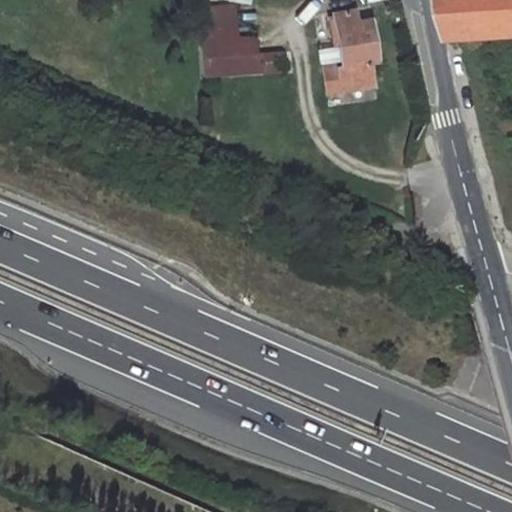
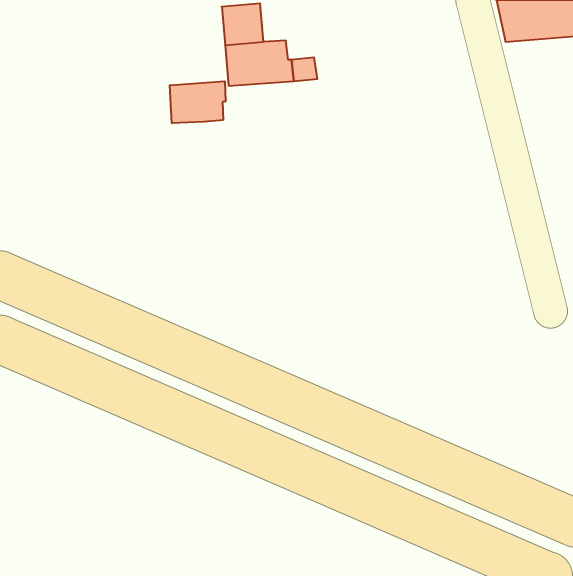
building: [335,11,378,91] -> none
building: none -> [170,81,225,123]

